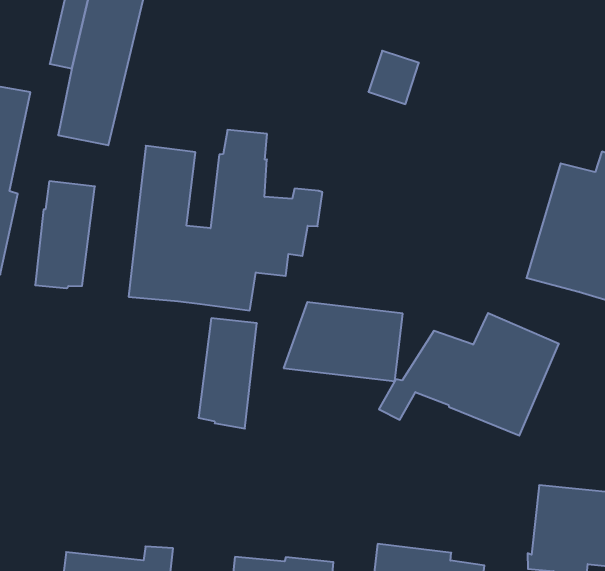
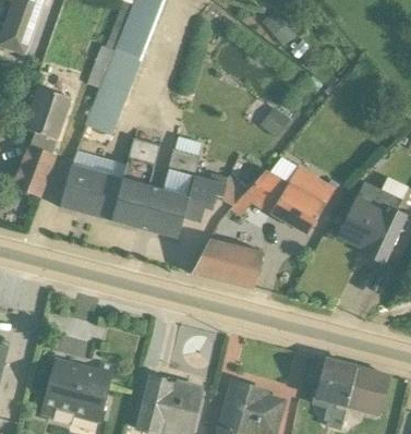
building: [379,313,559,436] -> [230,165,336,236]
building: [198,318,257,429] -> [86,156,126,220]

